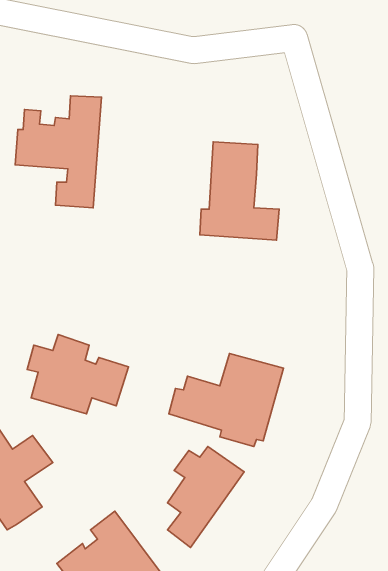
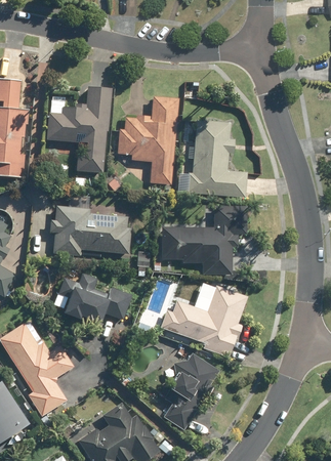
building: none -> [117,97,177,185]
building: none -> [49,203,134,259]
building: none -> [158,212,241,277]

